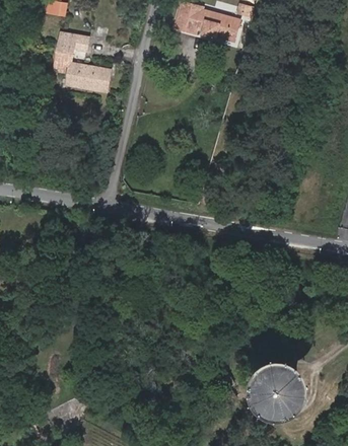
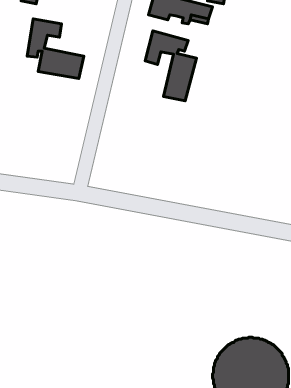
building: none -> [145,31,196,101]

